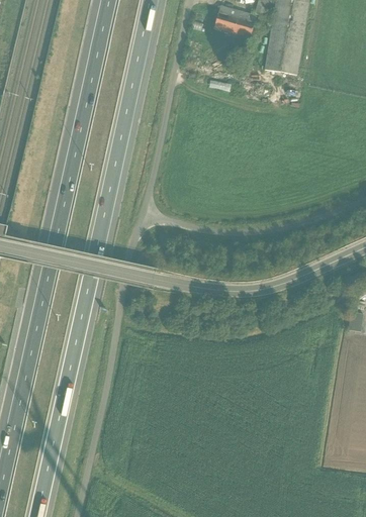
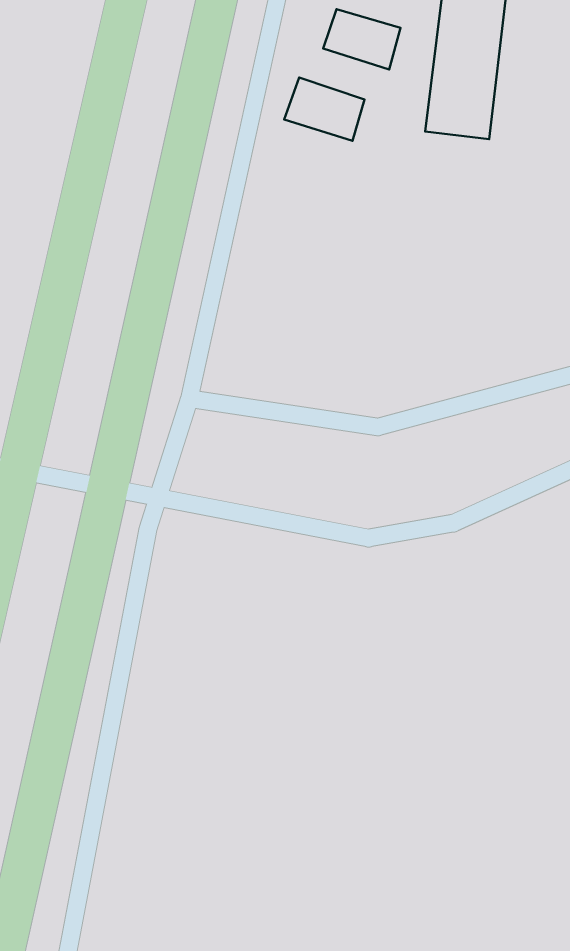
building: none -> [284,78,365,141]

